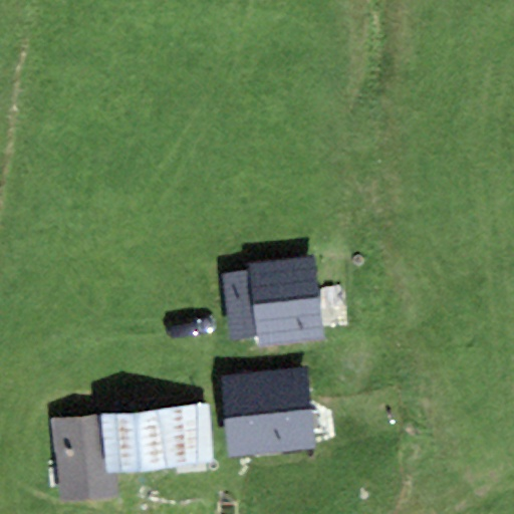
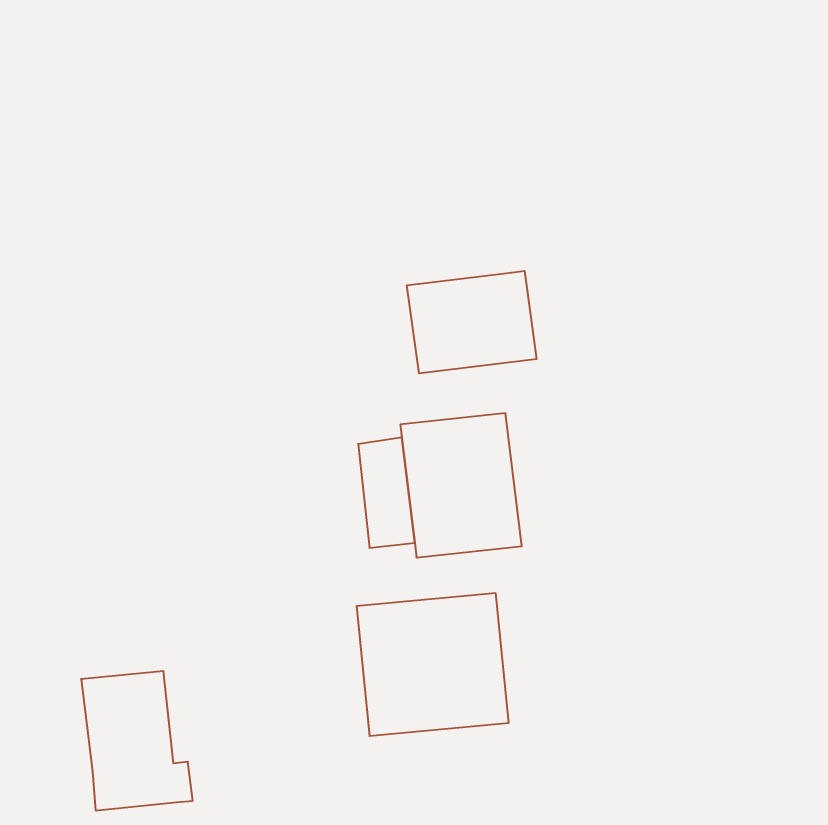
building: none -> [407,271,537,373]
building: [101,404,213,473] -> none

